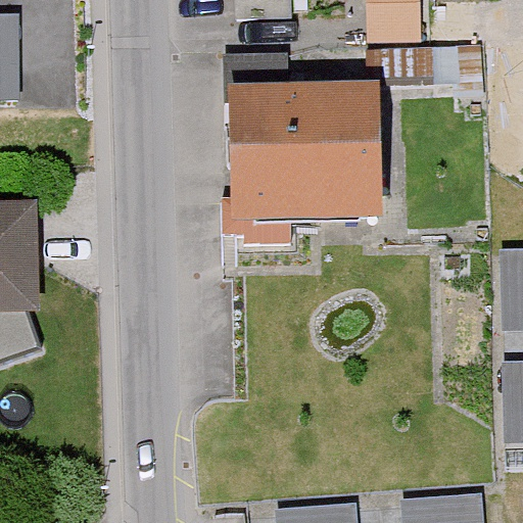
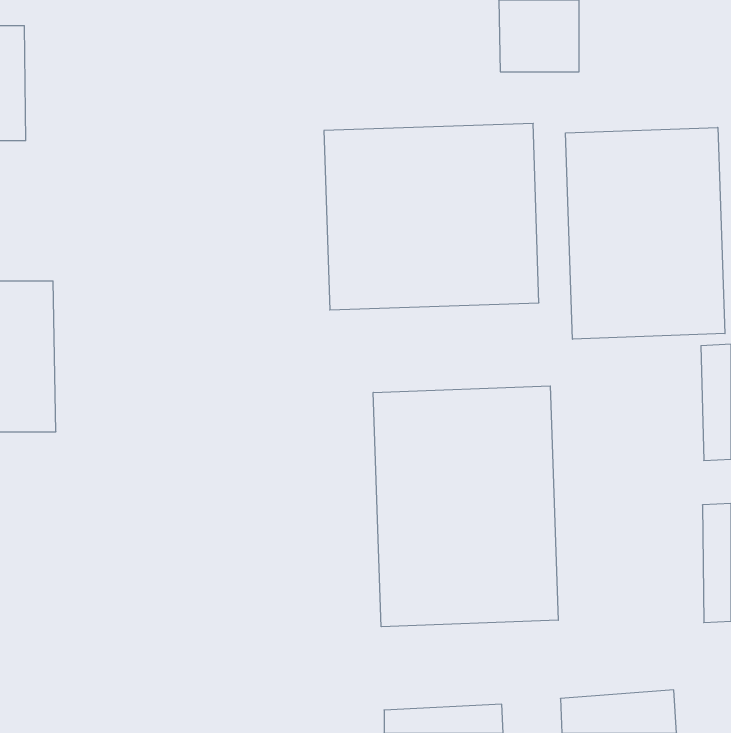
building: none -> [566,127,725,339]
building: none -> [373,386,558,627]

